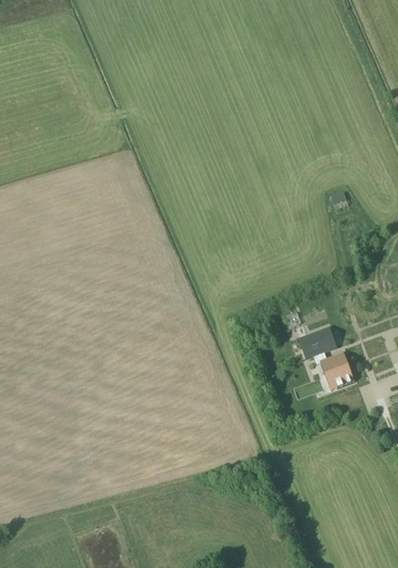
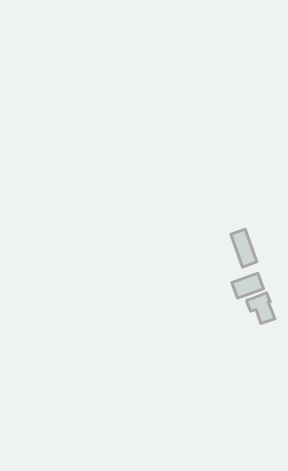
building: none -> [231,229,257,267]

